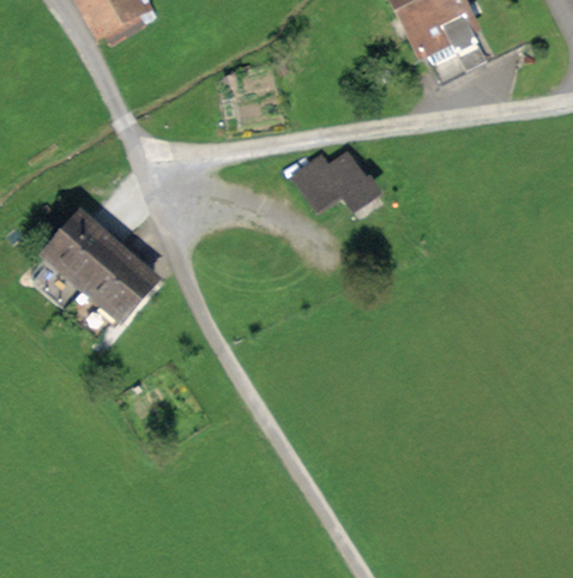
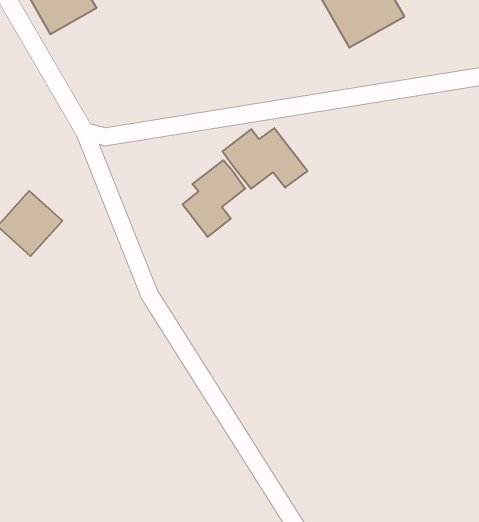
building: none -> [183,160,245,237]
building: [78,246,149,317] -> none

